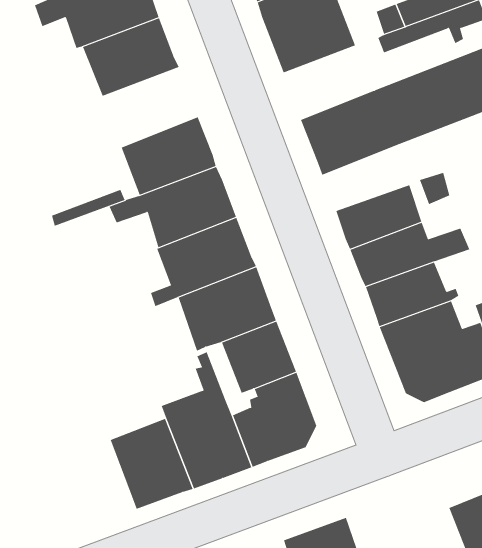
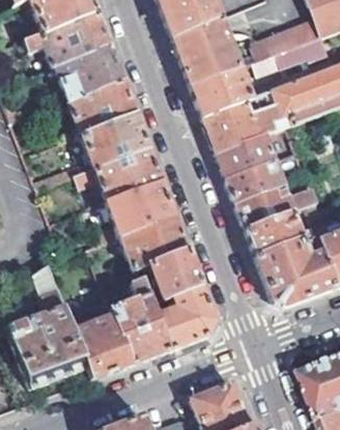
building: none -> [191,65,252,115]
building: none -> [69,80,134,134]
building: none -> [217,133,276,176]
building: none -> [7,263,87,383]

